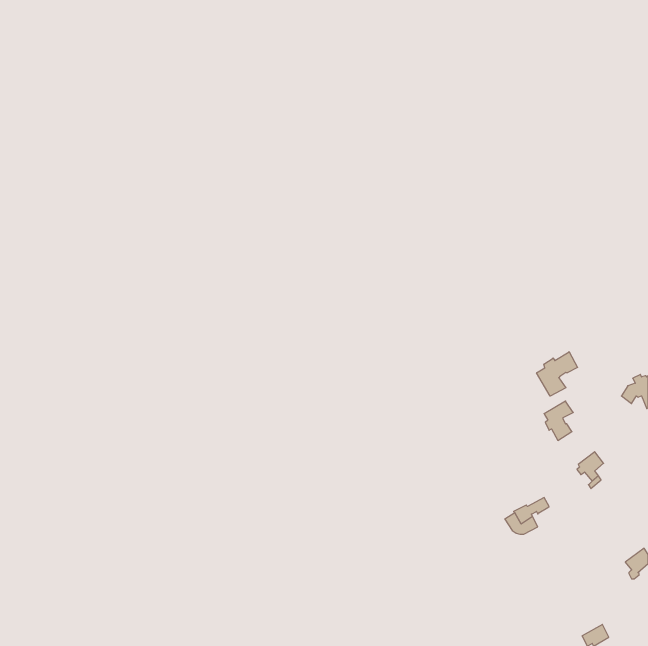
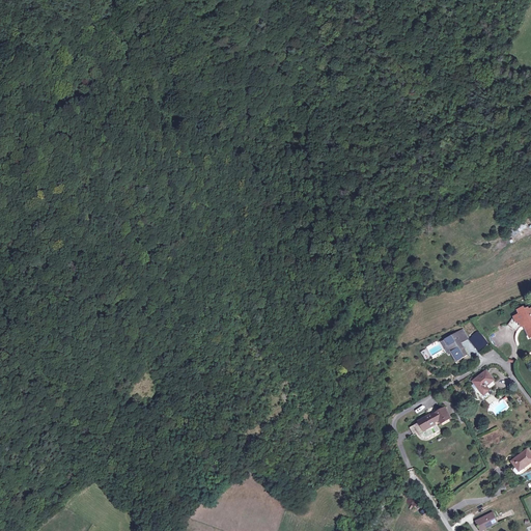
building: [537,352,578,396] -> none

